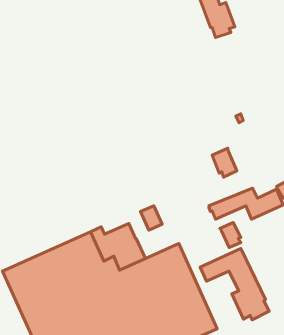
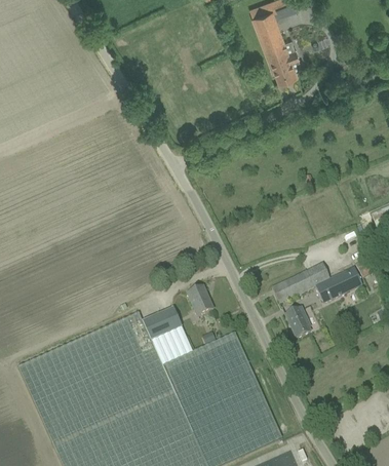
building: [212,148,237,177] -> none
building: [200,248,269,320] -> none

